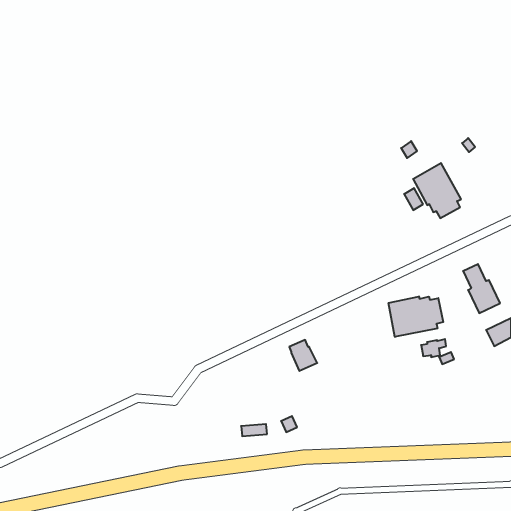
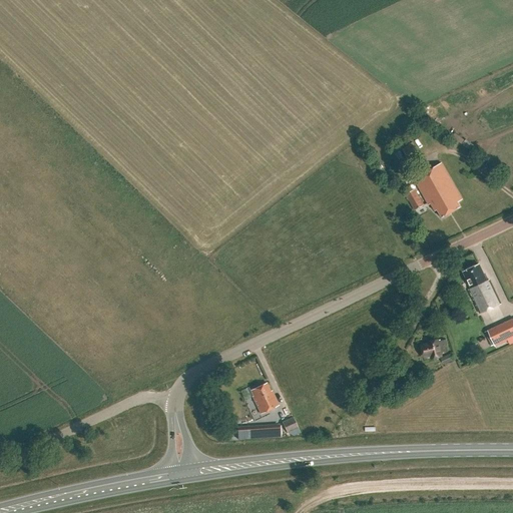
building: [389,296,443,337] -> none
building: [289,340,317,371] -> [250,383,279,414]

